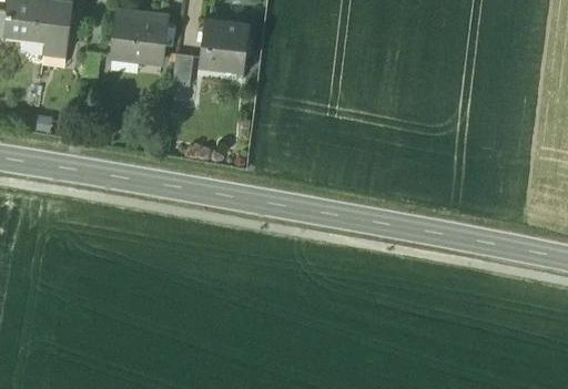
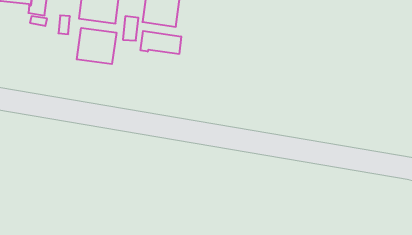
building: none -> [77,28,116,64]
building: none -> [141,31,181,54]

